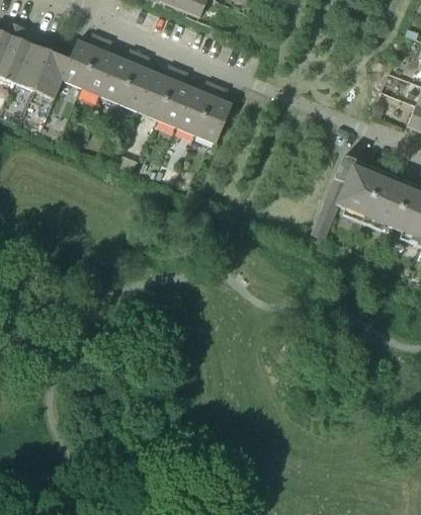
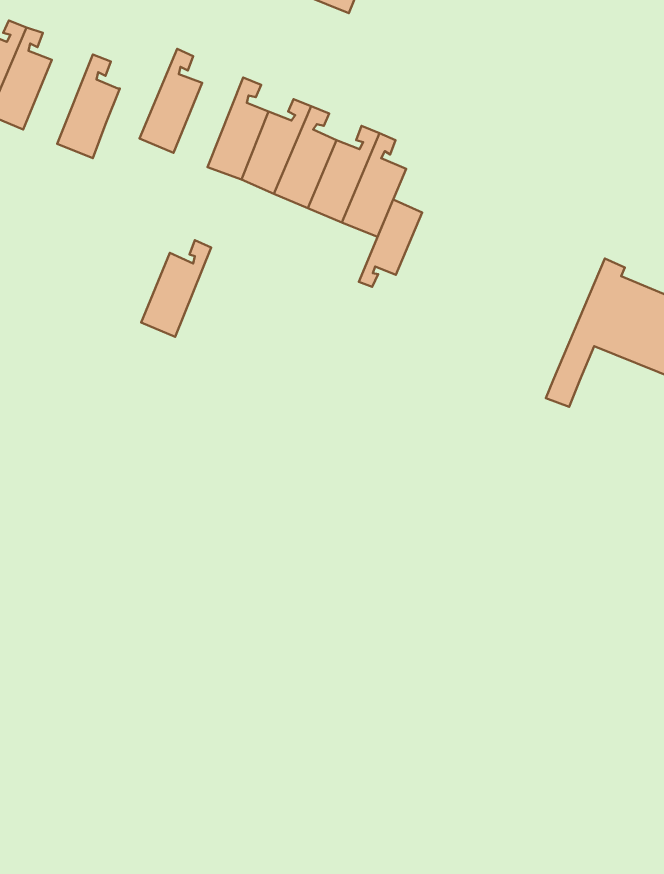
building: [62,32,102,87] -> none
building: [15,35,55,90] -> none
building: [100,49,140,103] -> [141,240,211,337]
building: none -> [359,200,422,287]

